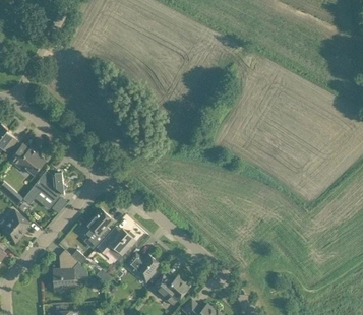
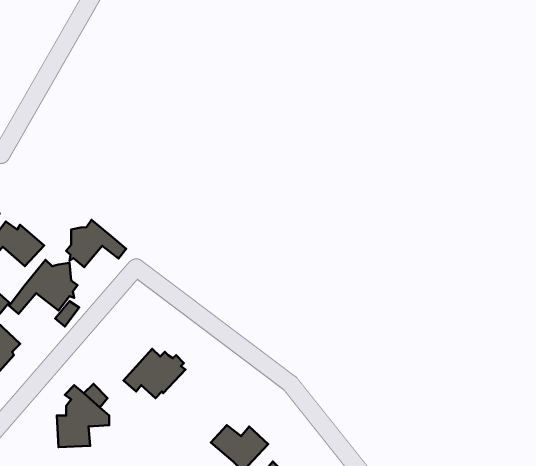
building: none -> [66,220,126,267]
building: [78,209,111,247] -> none
building: [125,254,159,282] -> none

